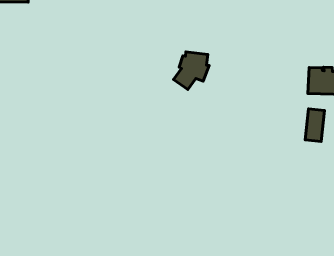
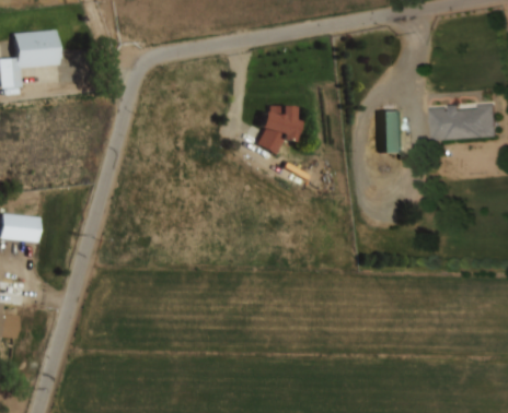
building: [305,109,325,142] -> [380,111,401,152]

